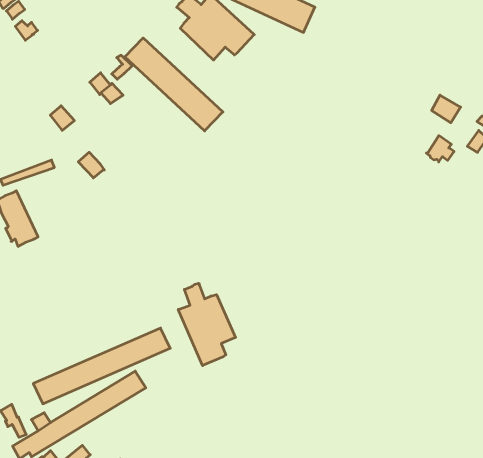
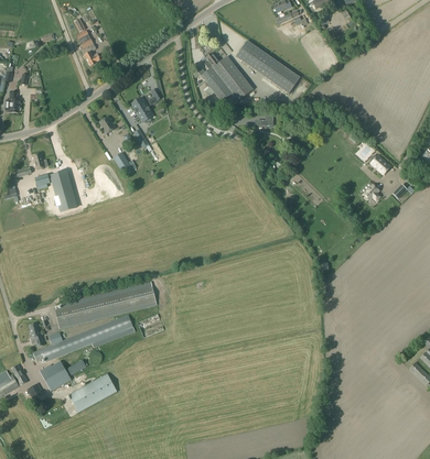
building: [125,38,223,131] -> none
building: [178,283,236,366] -> none

